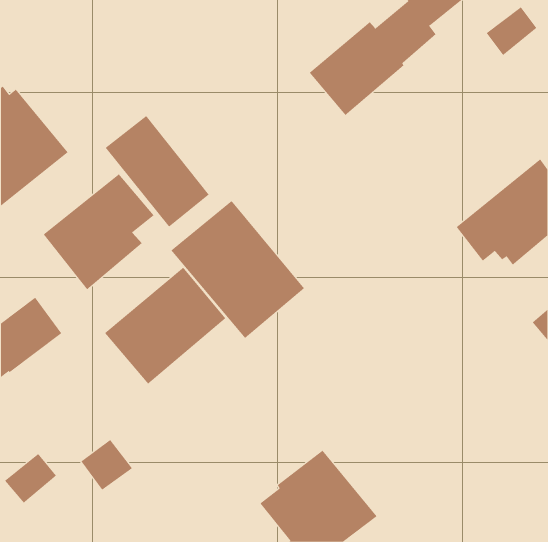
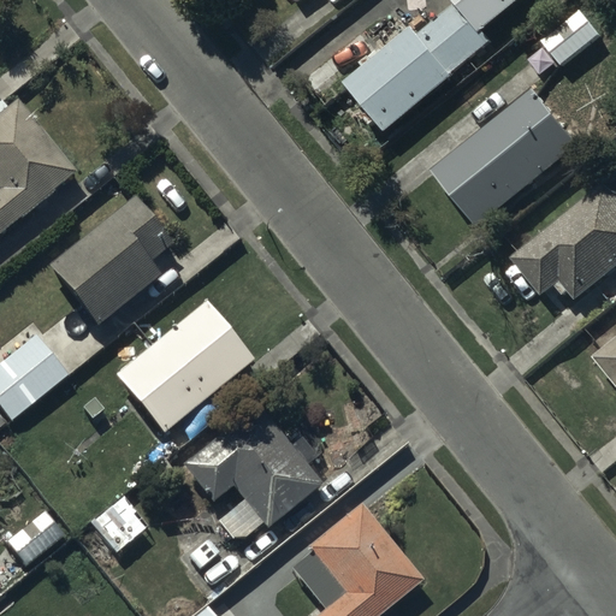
building: none -> [437,88,582,224]
building: [105,115,210,227] -> none
building: [171,200,305,339] -> none
building: none -> [182,402,321,541]

